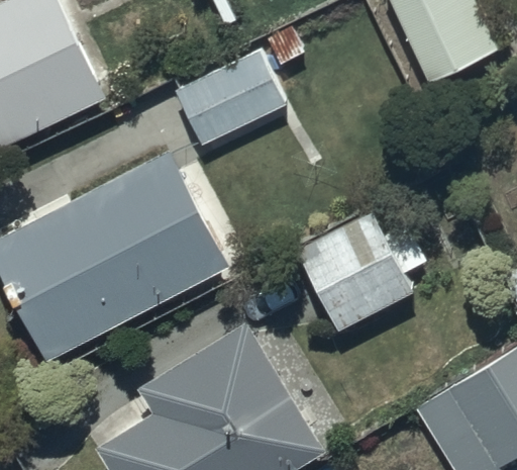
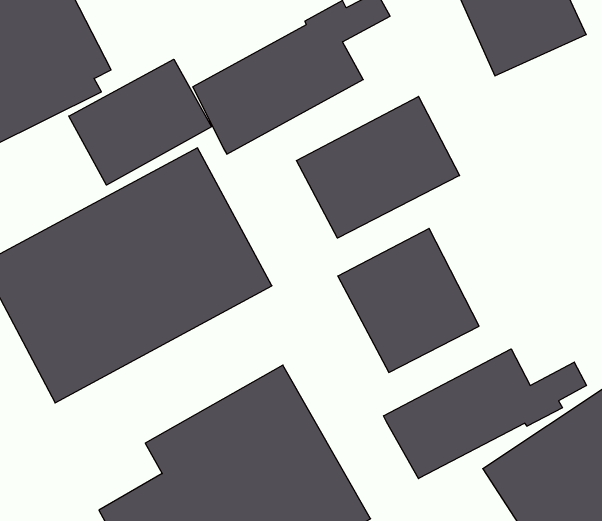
building: none -> [69,59,211,185]
building: none -> [296,96,460,238]
building: none -> [384,349,586,479]

